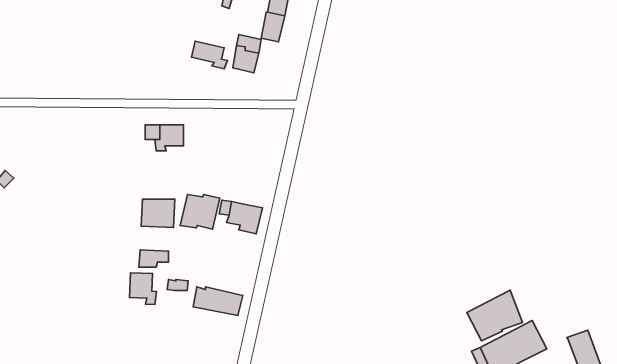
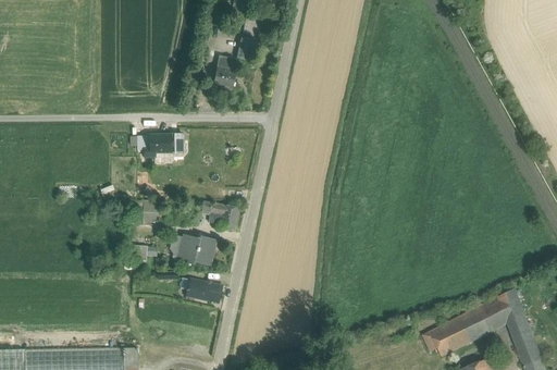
building: [191,41,228,69] -> none
building: [180,194,220,229] -> [178,235,213,266]
building: [129,273,156,304] -> none
building: [467,290,522,341] -> [475,287,524,332]

